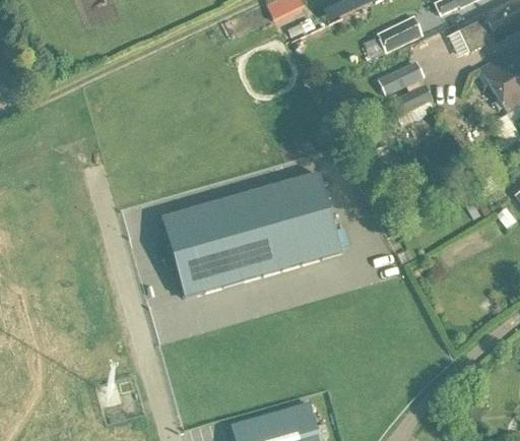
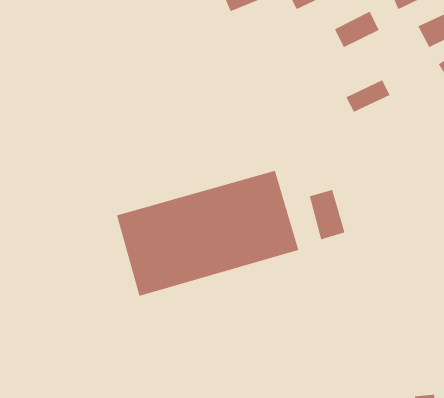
building: [379,59,425,93] -> none
building: none -> [309,189,345,240]

